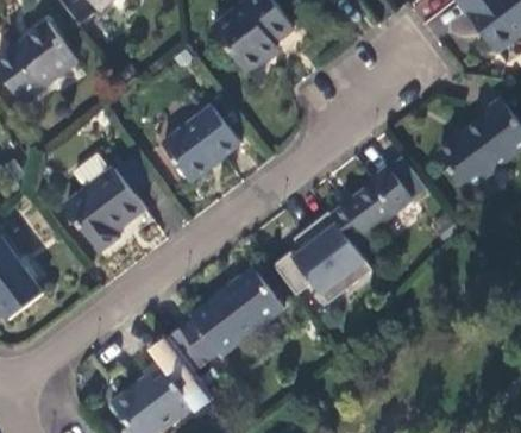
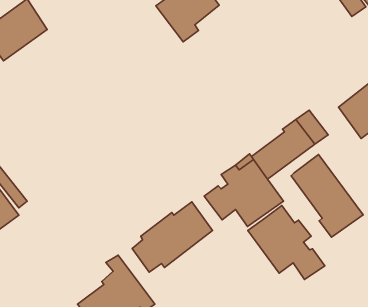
building: [159,105,238,178] -> none
building: [63,153,142,252] -> none
building: none -> [291,155,363,237]
building: none -> [248,206,325,280]

